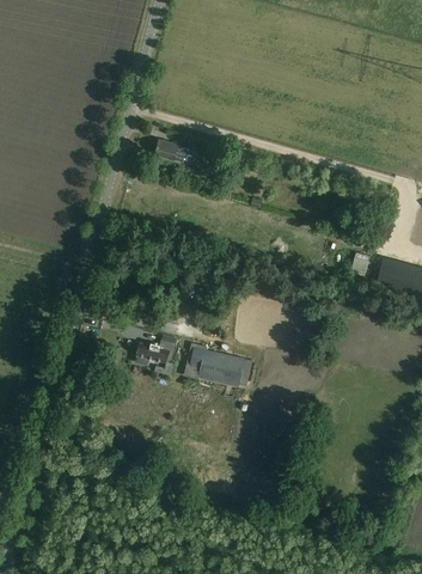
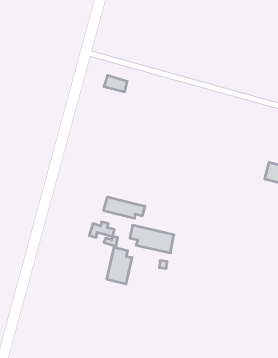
building: none -> [104,197,145,218]
building: none -> [107,247,132,284]

